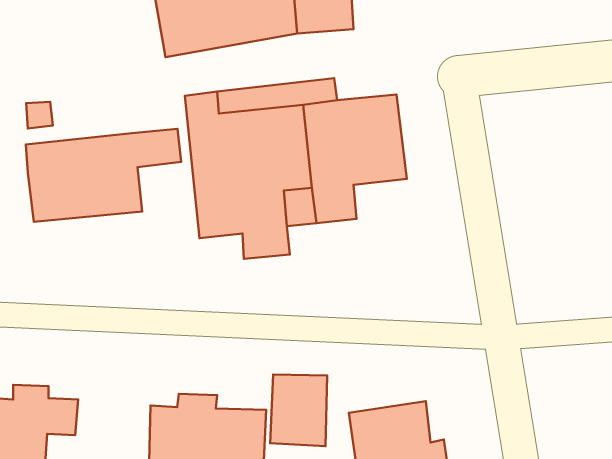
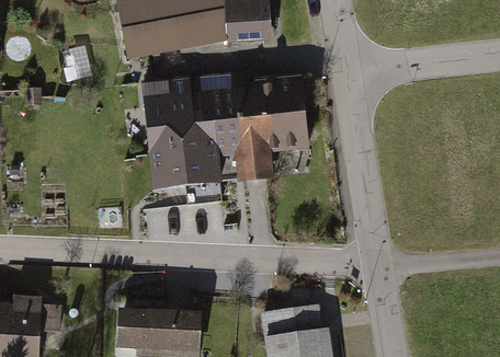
building: [26,129,181,222] -> none
building: [270,374,327,446] -> none

